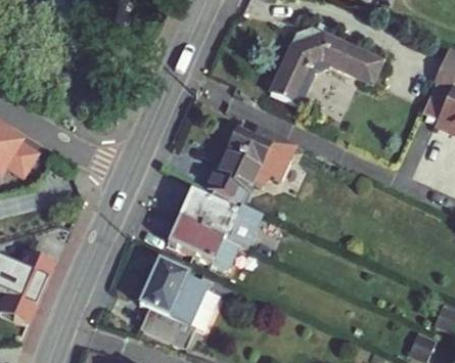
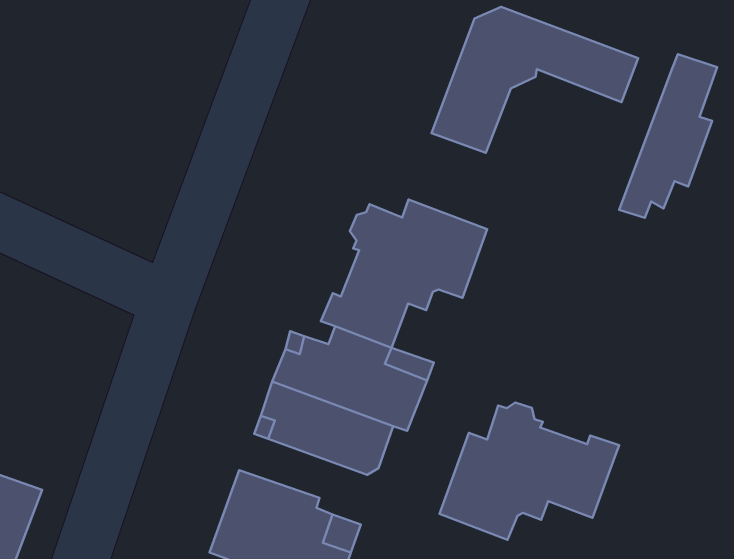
building: none -> [619,54,717,218]
building: none -> [439,402,619,540]

